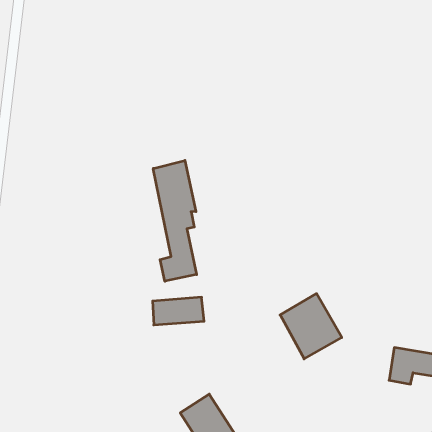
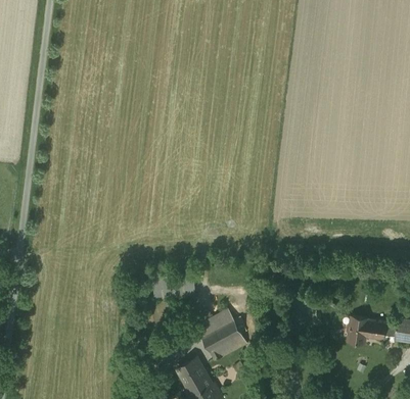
building: [153,160,197,281] -> none
building: [280,294,342,359] -> [196,309,246,362]

